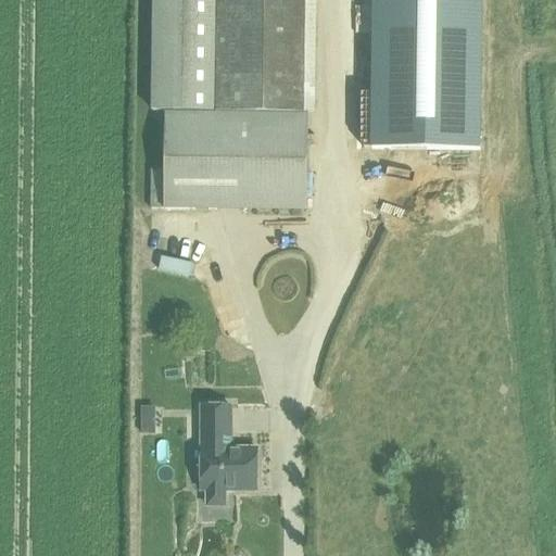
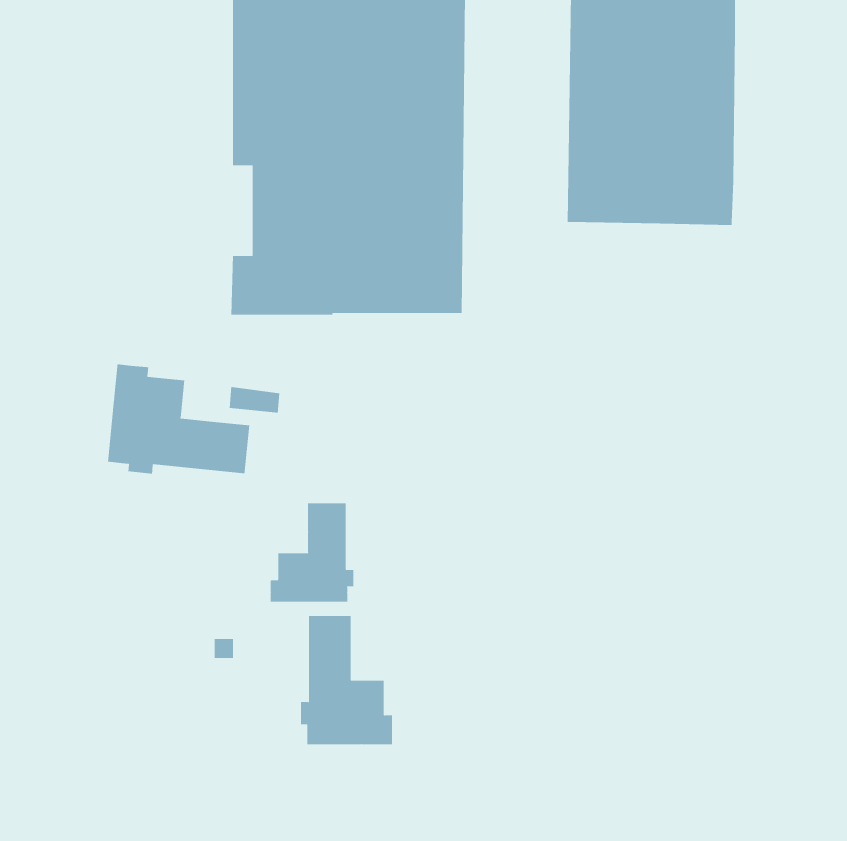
building: none -> [107,364,250,474]
building: none -> [270,503,354,603]

